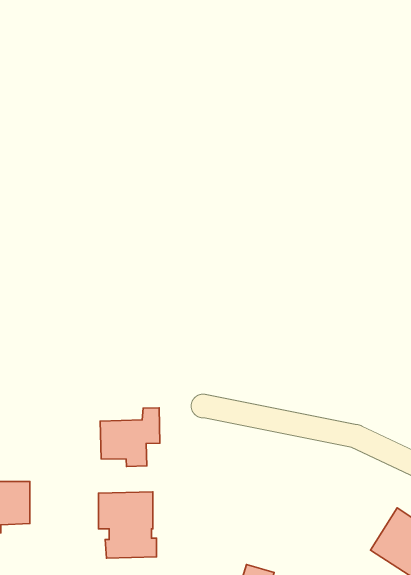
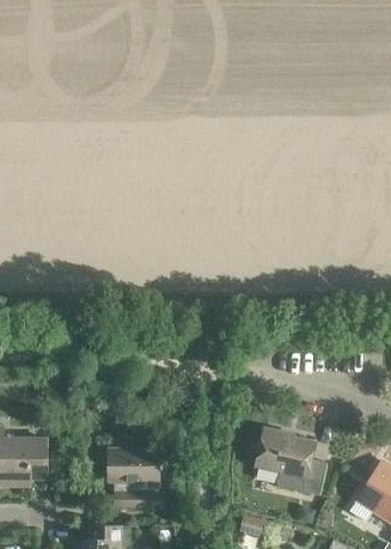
building: [100,408,160,466] -> none
building: none -> [253,426,324,494]

